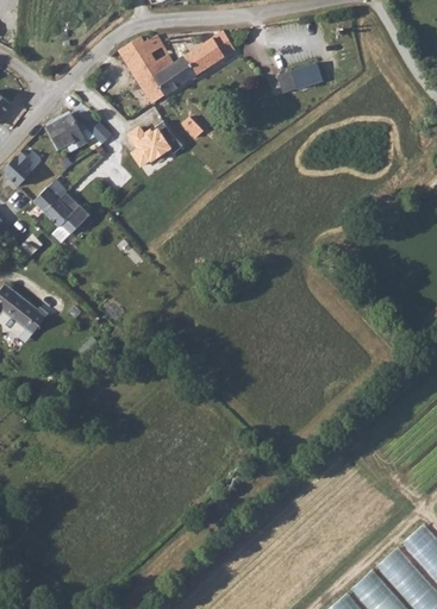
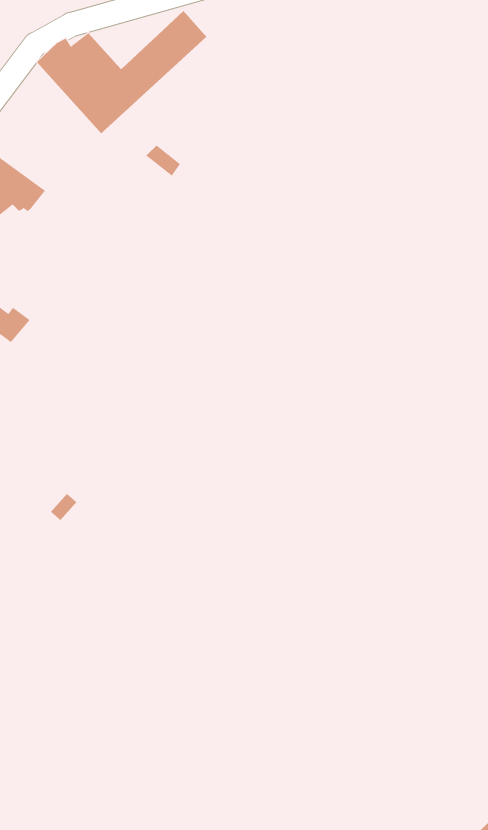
building: [277,64,323,96] -> none
building: [126,125,179,170] -> none

